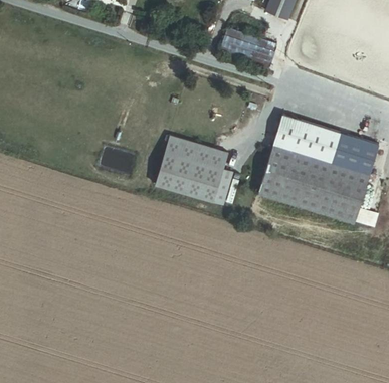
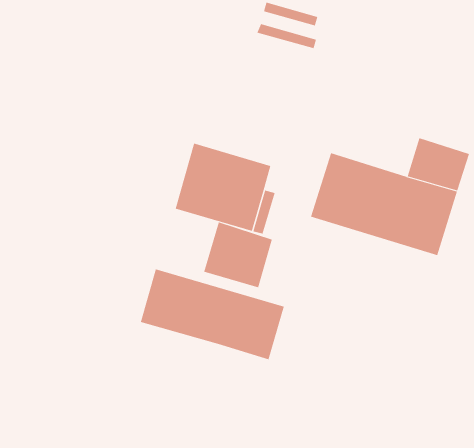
building: [274,115,341,162] -> none
building: none -> [204,222,272,288]
building: none -> [140,268,284,360]

